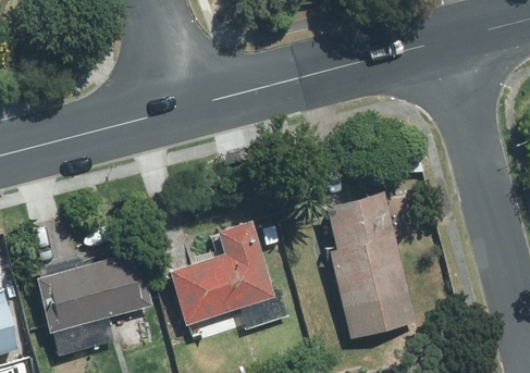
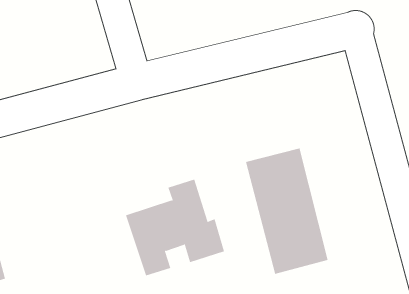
building: [35,249,157,353] -> none

